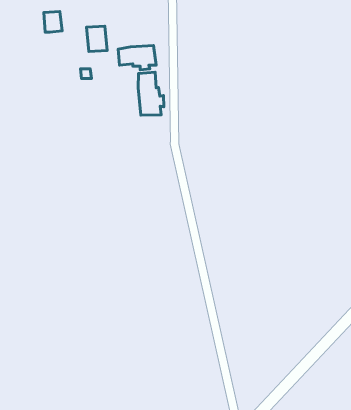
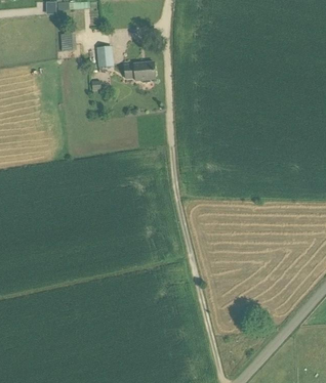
building: [138,72,164,115] -> none

